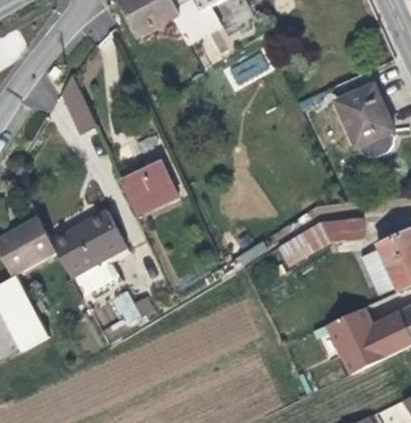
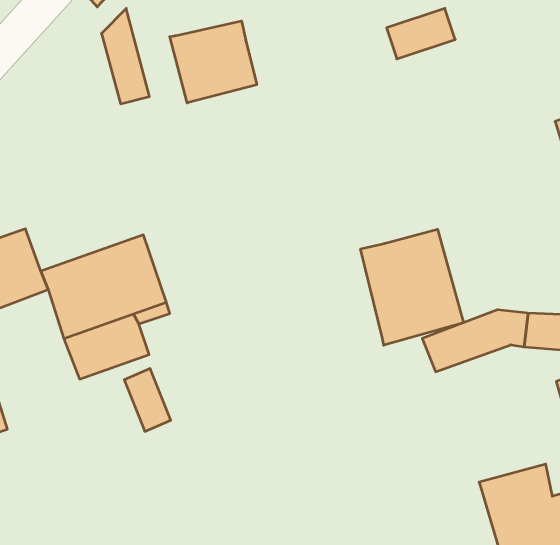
building: none -> [170,21,257,103]
building: [122,165,175,216] -> none
building: none -> [361,229,464,345]

